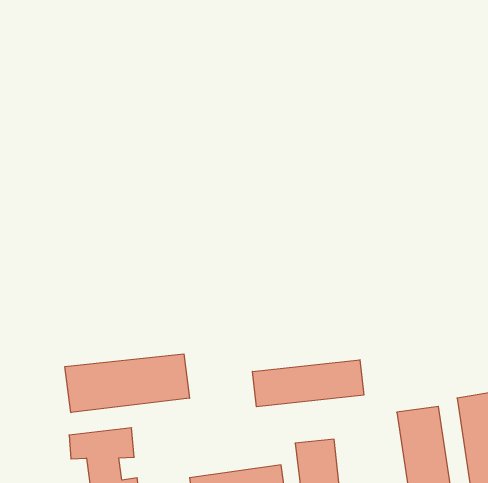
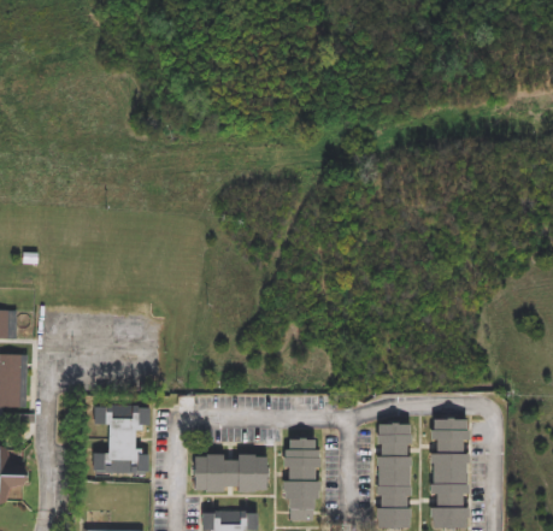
building: [65,354,190,413] -> none
building: [253,360,364,407] -> none

